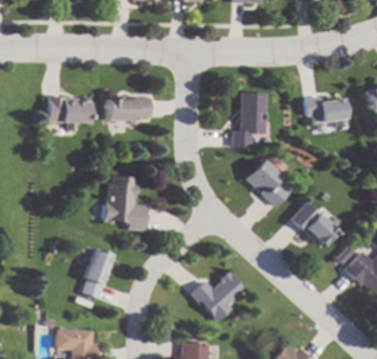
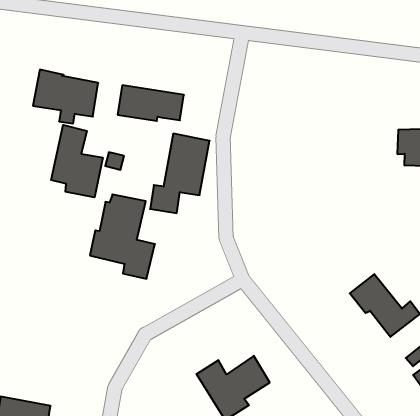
building: [234,92,268,147] -> [150,134,210,213]
building: none -> [51,125,103,197]
building: [245,159,294,206] -> none
building: [81,247,112,298] -> none

